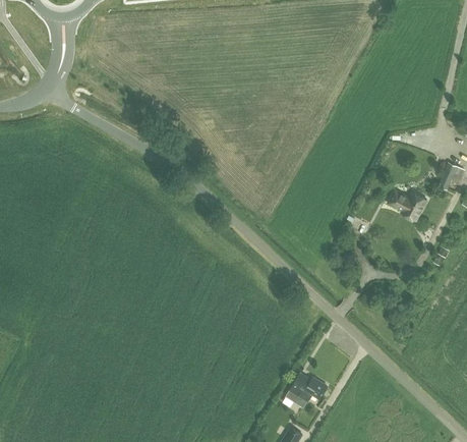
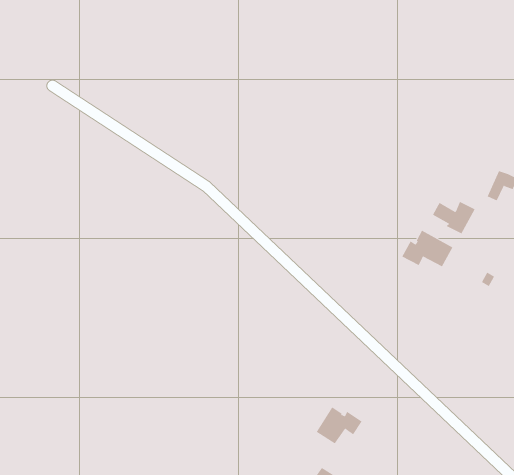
building: none -> [401,230,453,267]

